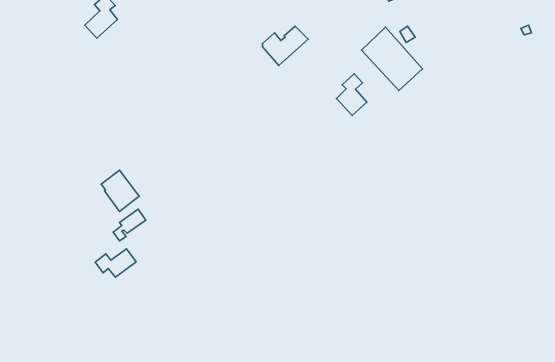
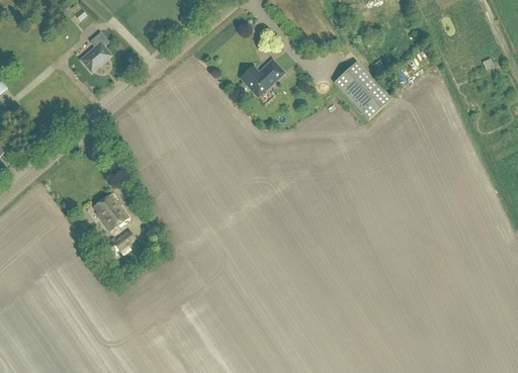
building: [337,74,367,116] -> none
building: [95,249,136,277] -> none

